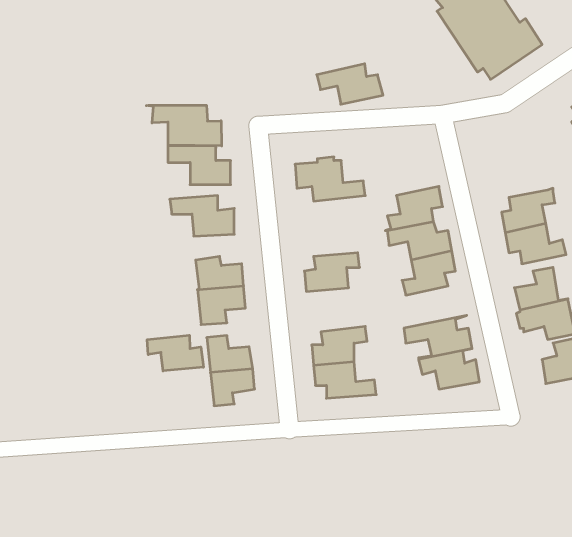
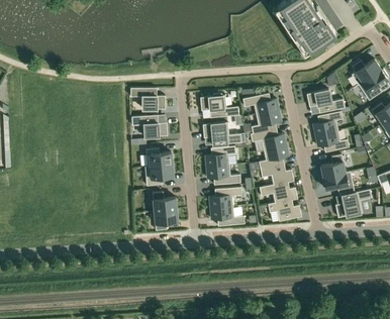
building: [317,64,383,104] -> [242,93,279,115]
building: [146,105,222,146] -> none
building: none -> [306,90,345,113]
building: none -> [202,122,241,145]
building: none -> [259,165,294,188]
building: none -> [206,166,240,185]
building: [147,335,203,371] -> none

